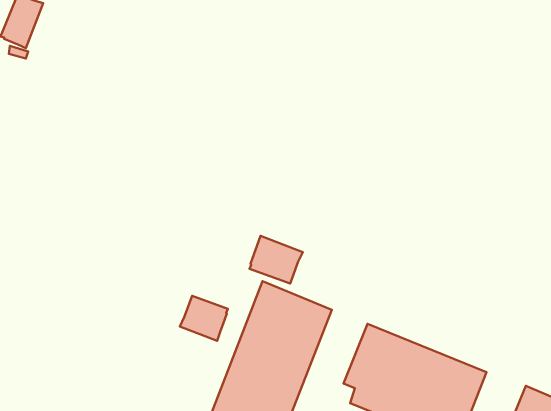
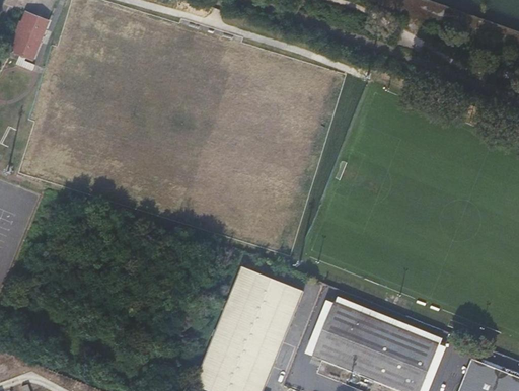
building: [249,236,303,284] -> none
building: [180,296,228,341] -> none

